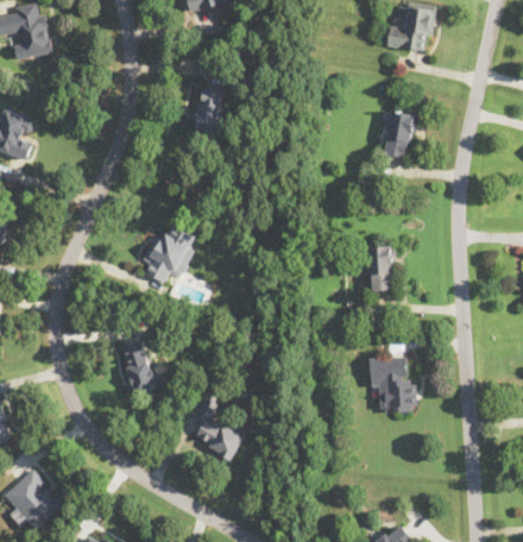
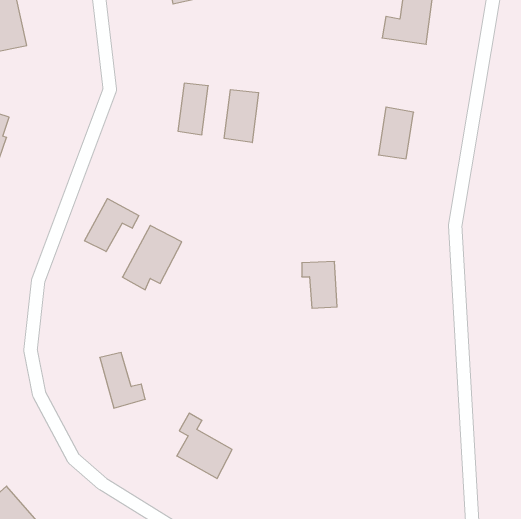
building: none -> [224,90,259,143]
building: none -> [85,199,139,252]
building: [360,246,393,290] -> [302,262,337,308]
building: [368,357,415,412] -> none

